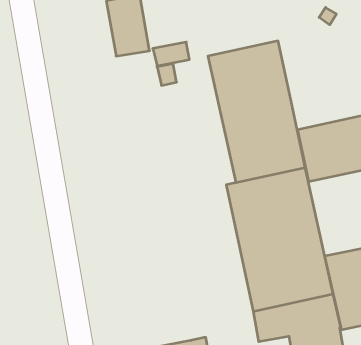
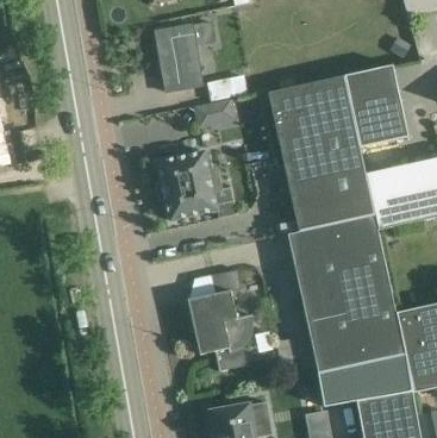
building: none -> [344,64,407,146]
building: none -> [156,151,219,220]
building: none -> [187,270,251,369]

